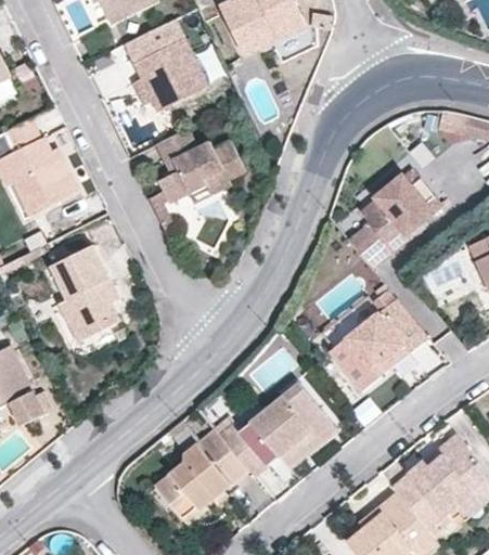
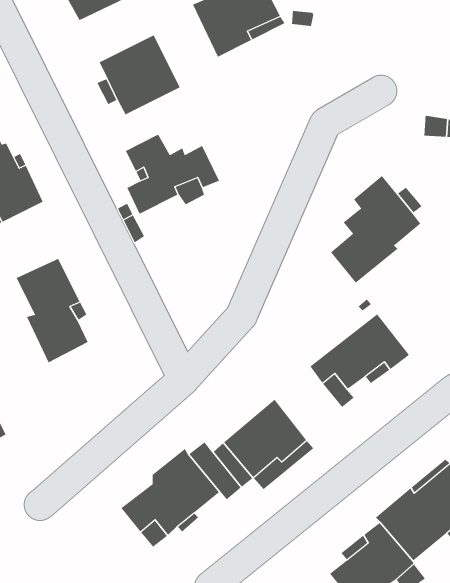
building: [121,16,183,62] -> none

